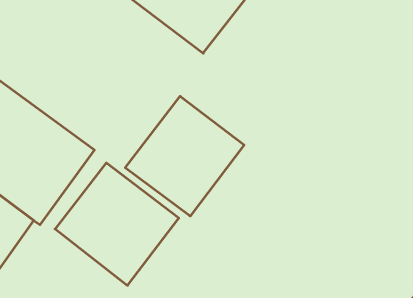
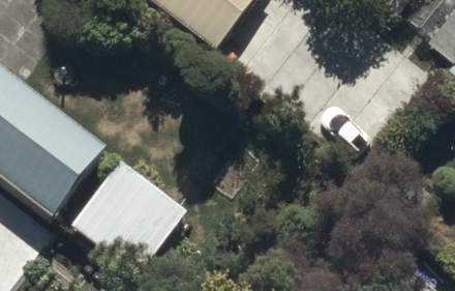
building: [125,96,244,216] -> none

